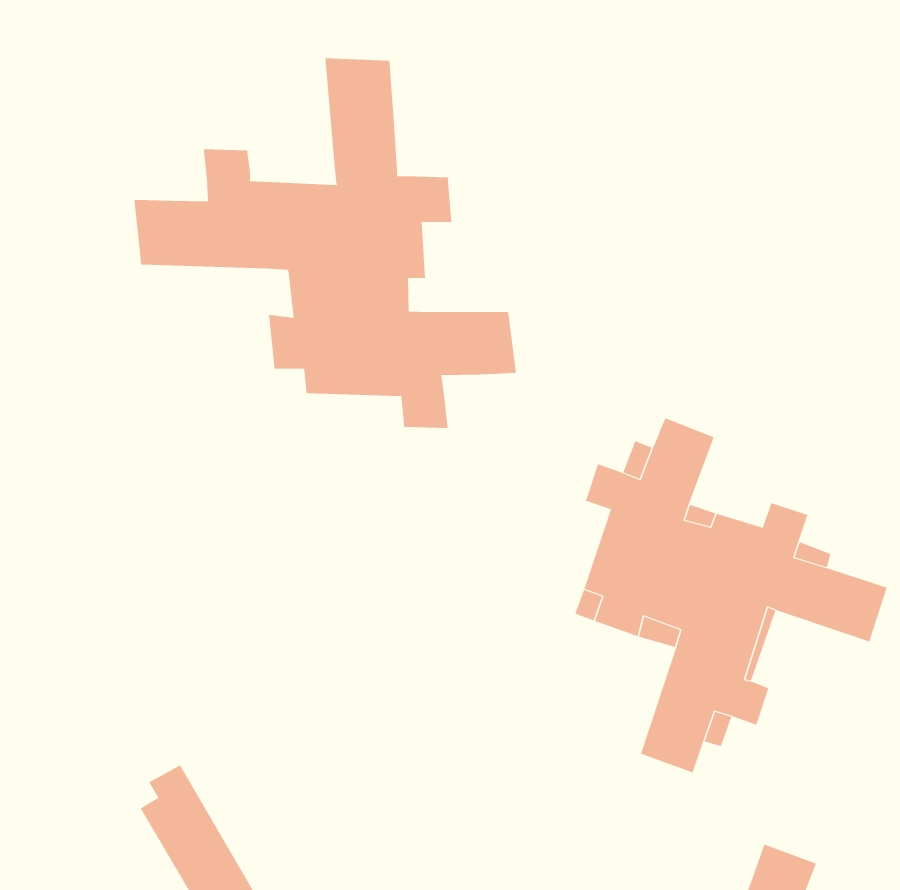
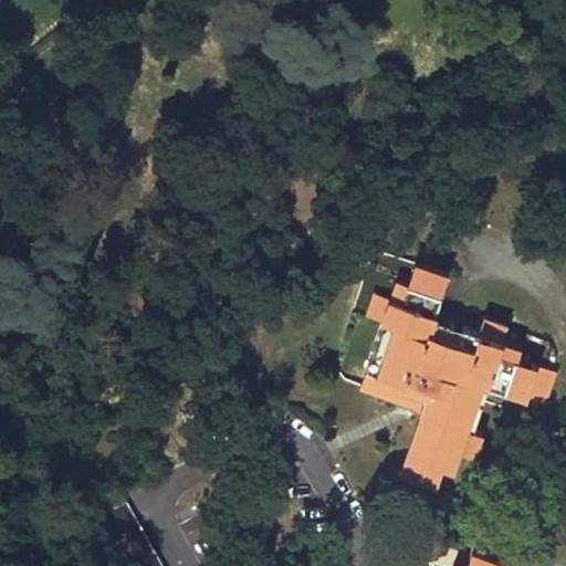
building: [134,58,517,429] -> none

